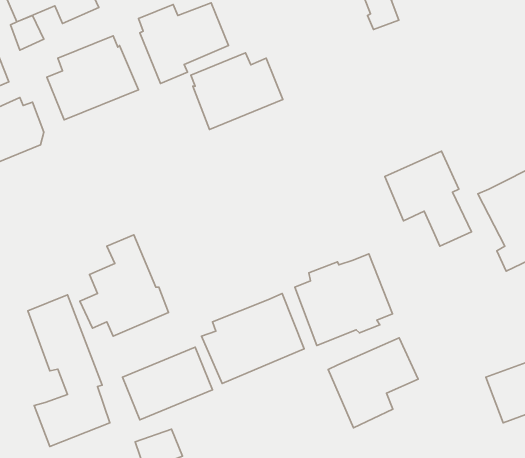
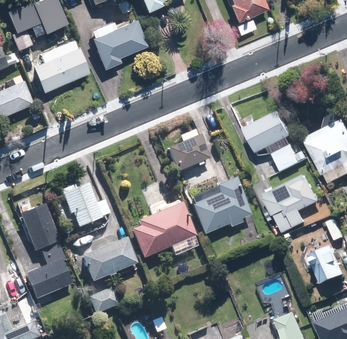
building: [191,53,283,129] -> none
building: none -> [168,135,210,171]
building: [328,338,418,428] -> [260,175,317,232]

